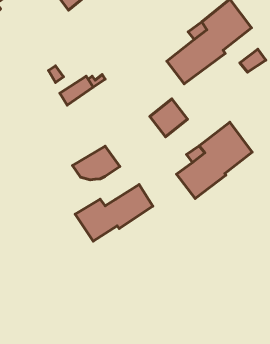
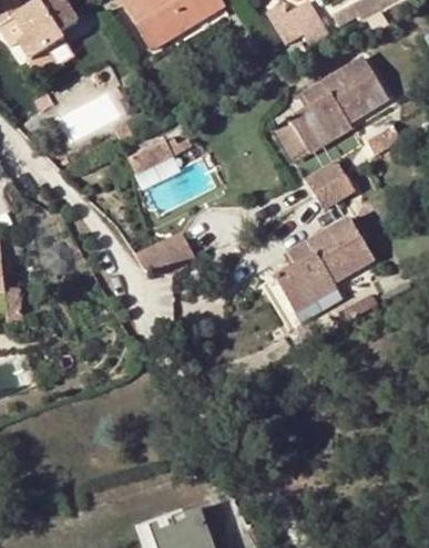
building: [150,99,187,137] -> [305,159,354,208]
building: [75,184,153,241] -> none

